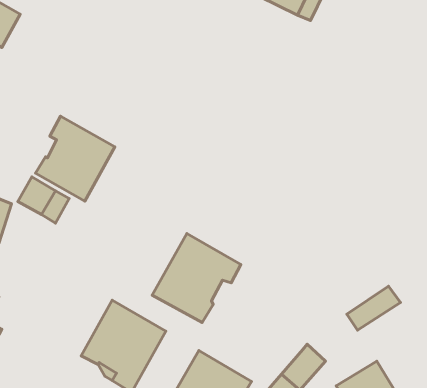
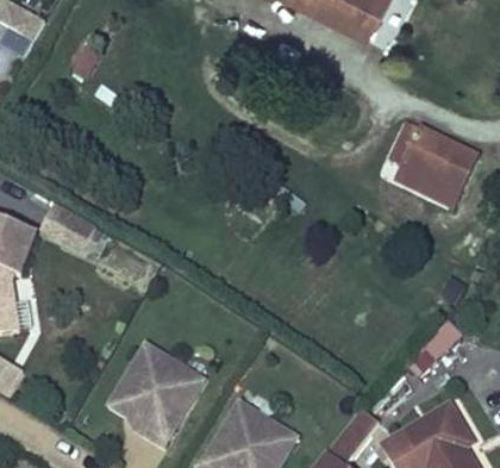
building: none -> [385,118,475,206]
building: [35,116,115,201] -> none
building: [152,234,241,323] -> none

